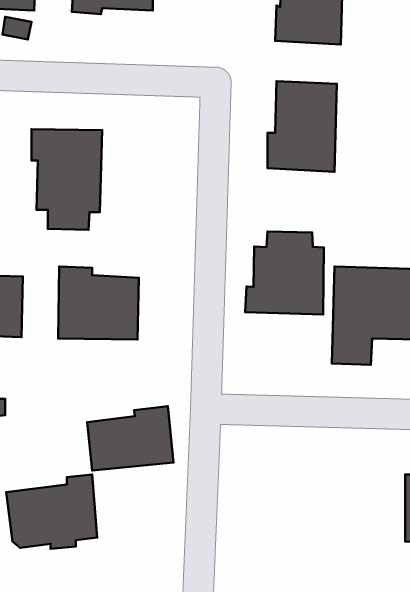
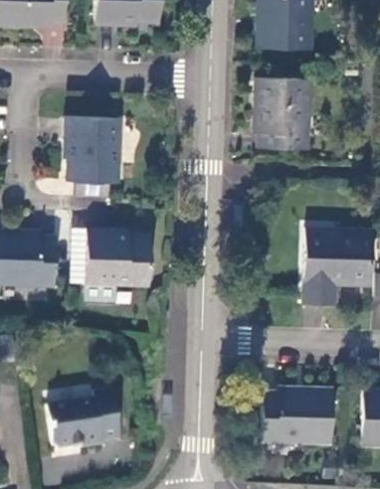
building: [245,232,324,314] -> none
building: [87,406,173,471] -> none
building: none -> [261,389,332,445]

